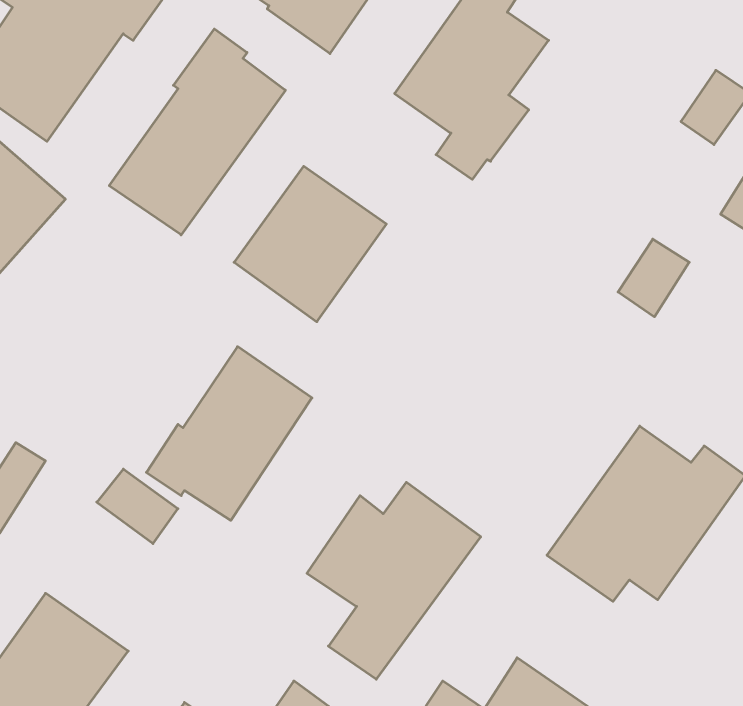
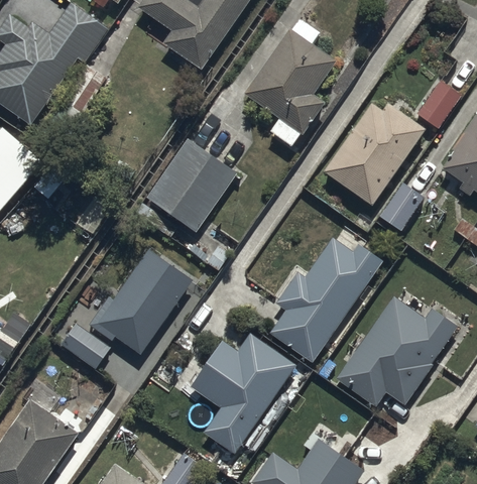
building: [109,29,285,235] -> none
building: none -> [324,104,425,206]
building: none -> [271,238,381,362]

